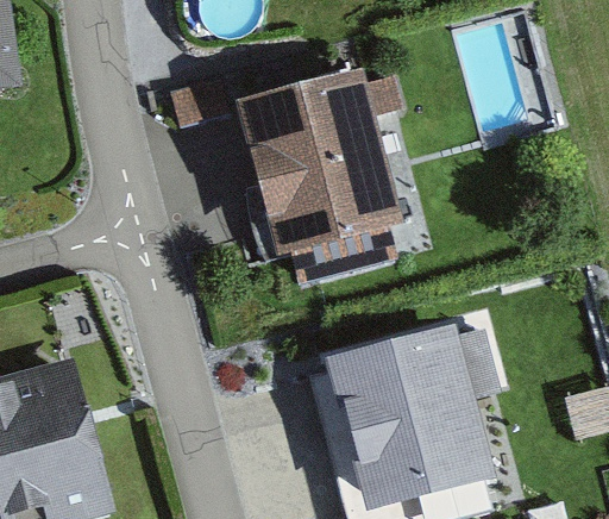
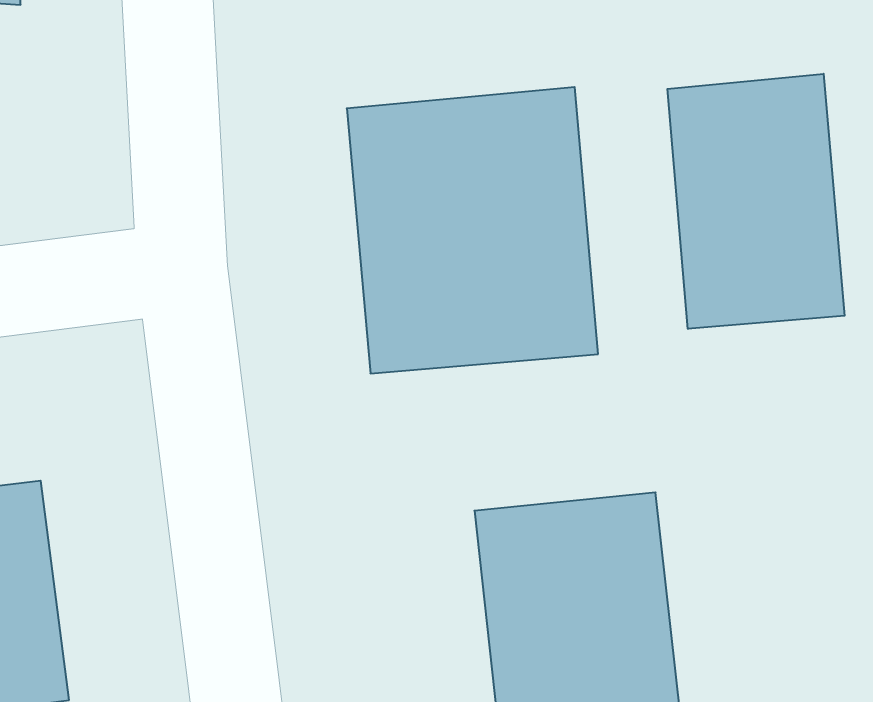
building: none -> [667,74,845,329]

